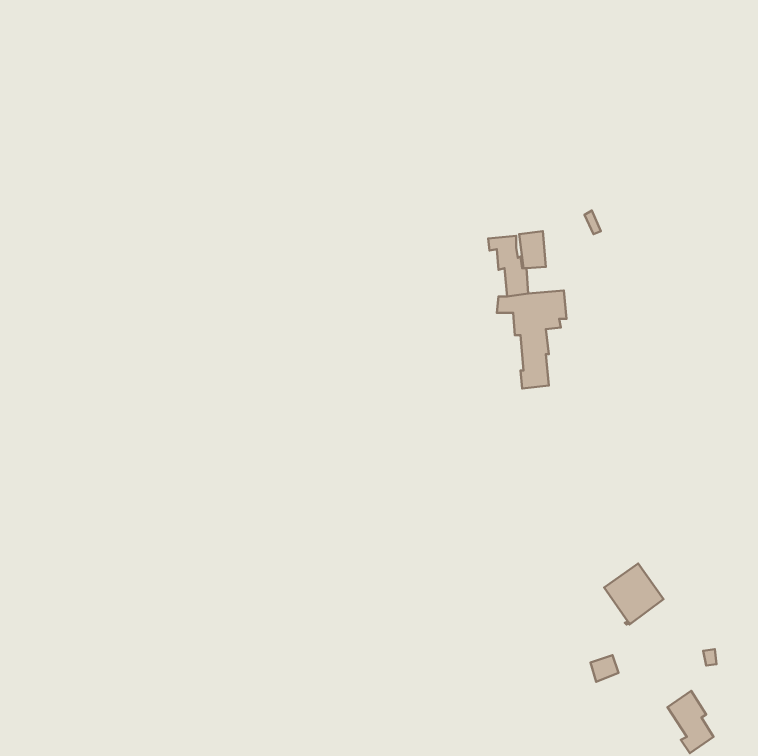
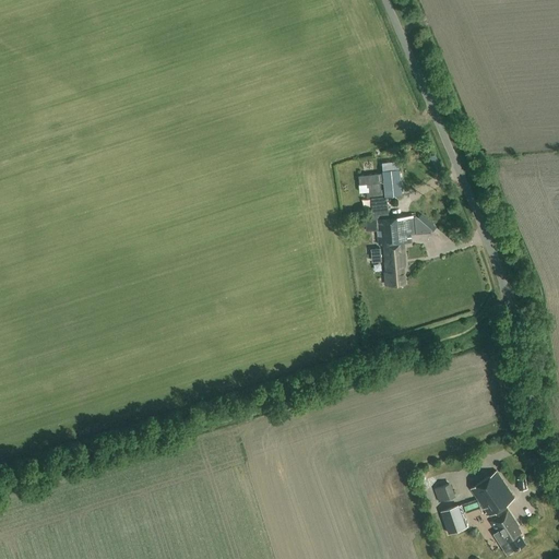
building: [604,564,664,624] -> [471,473,514,518]
building: none -> [441,506,468,534]

